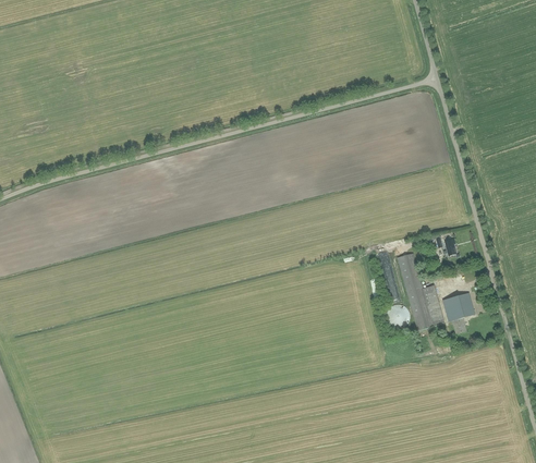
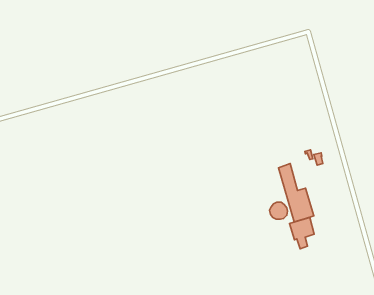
building: [441,291,474,332] -> [289,218,314,249]

